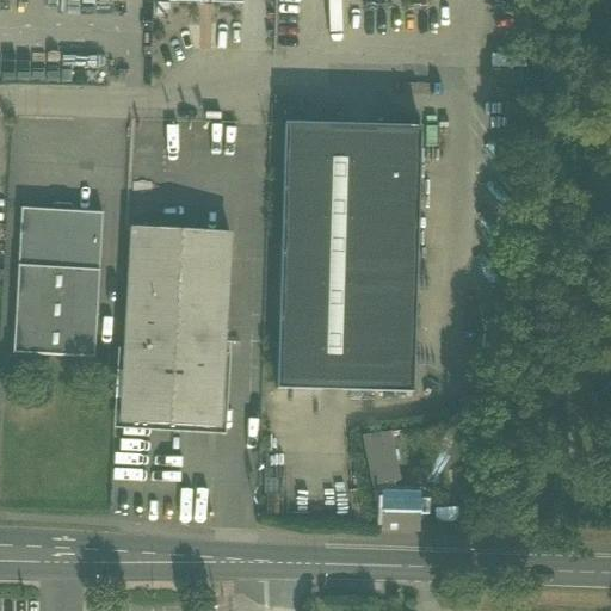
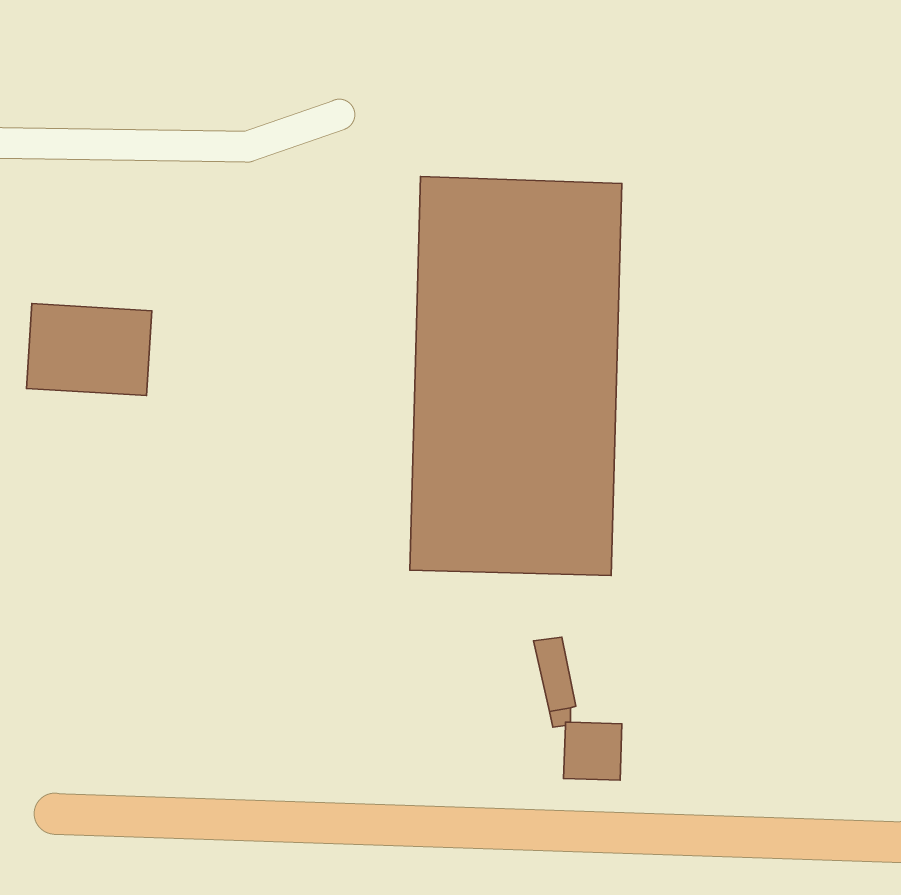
building: [122,226,230,424] -> none
building: [14,263,100,354] -> none

